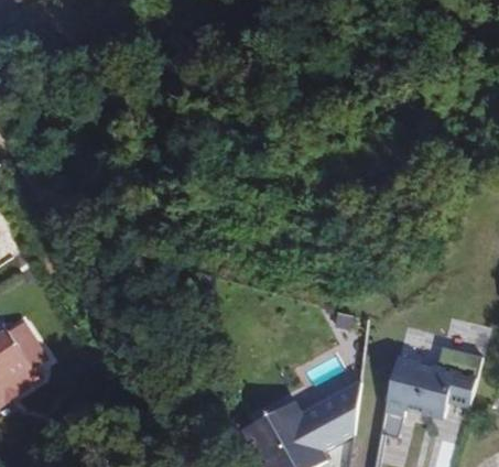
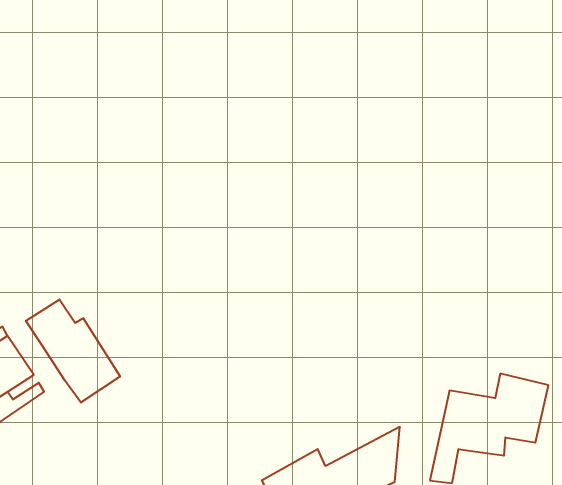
building: none -> [26,299,120,403]

